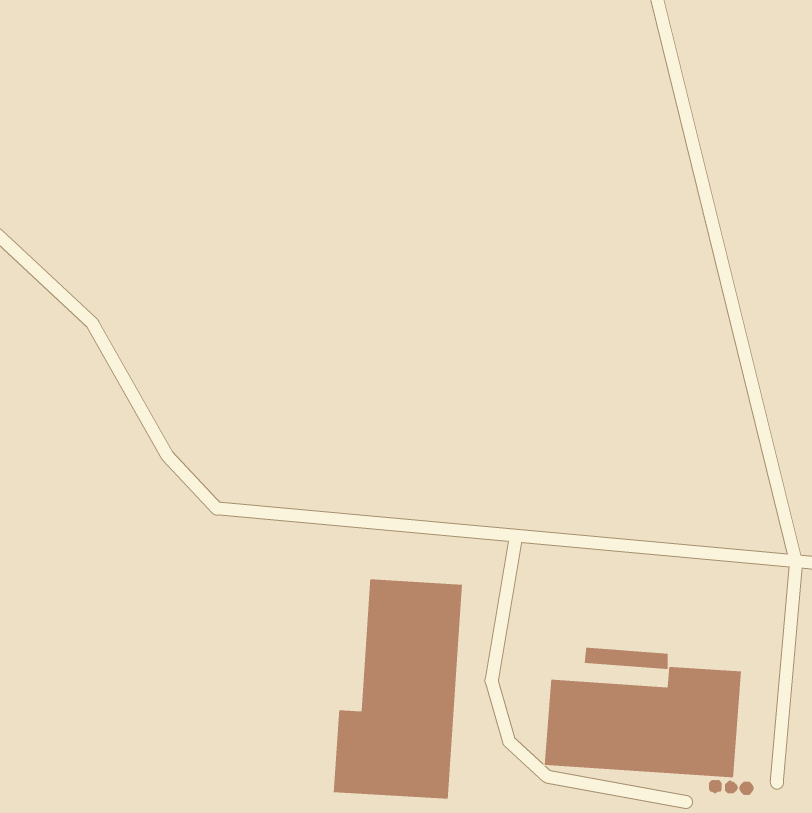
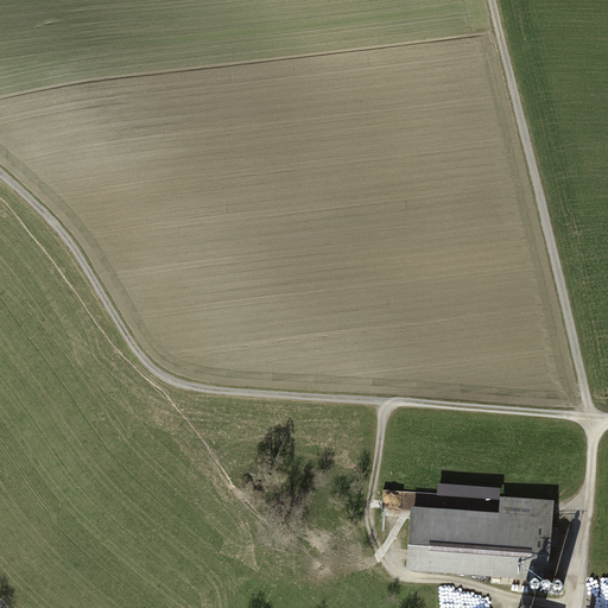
building: [333,579,463,800] -> none

